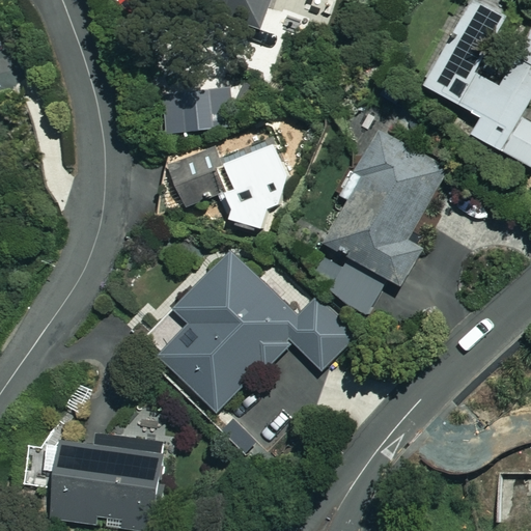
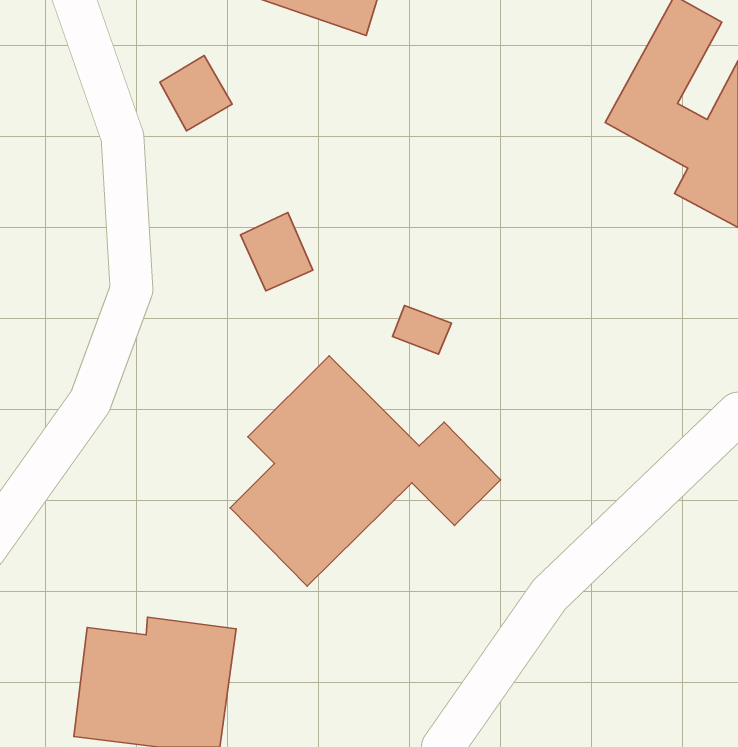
building: [171,82,222,135] -> [160,56,232,131]
building: [327,131,445,314] -> none
building: [226,146,279,234] -> none

